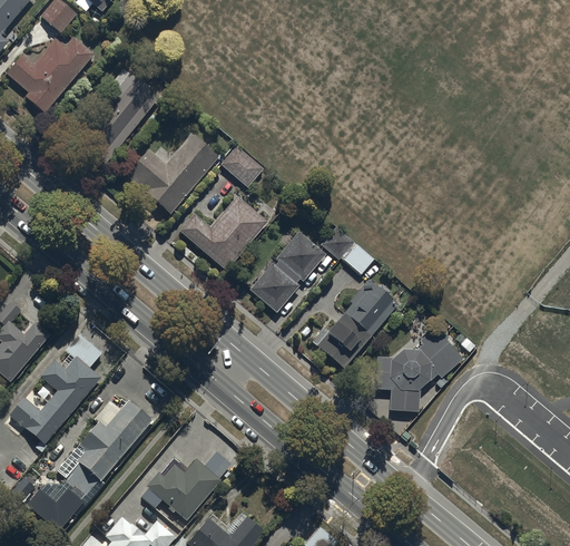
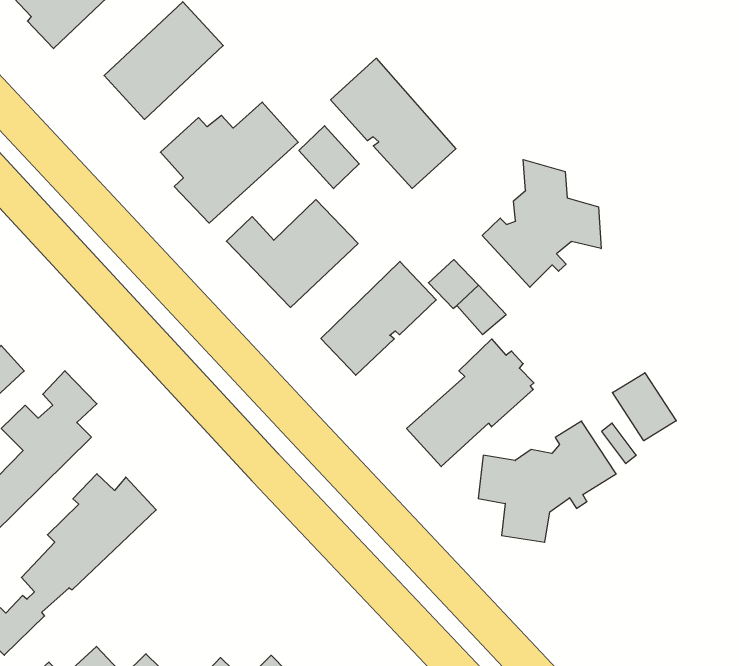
building: none -> [331,58,456,188]
building: none -> [482,160,601,287]
building: none -> [612,373,676,441]
building: [139,449,232,519] -> none

